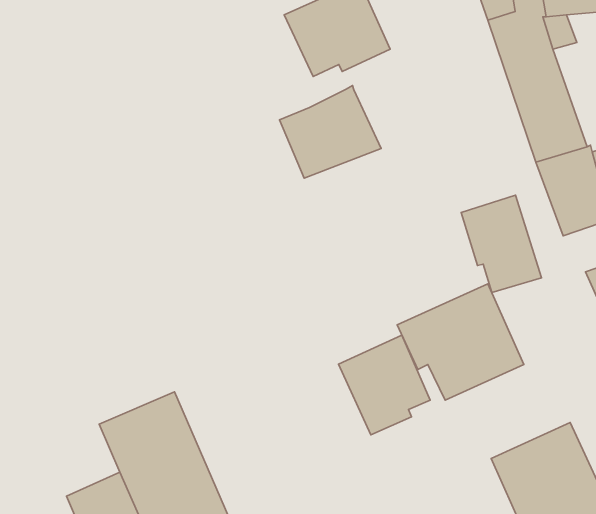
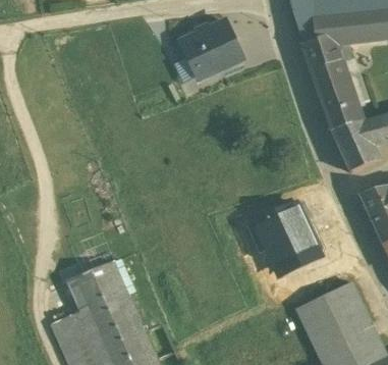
building: [279,86,381,178] -> none
building: [461,195,541,292] -> none
building: [338,335,430,435] -> none

